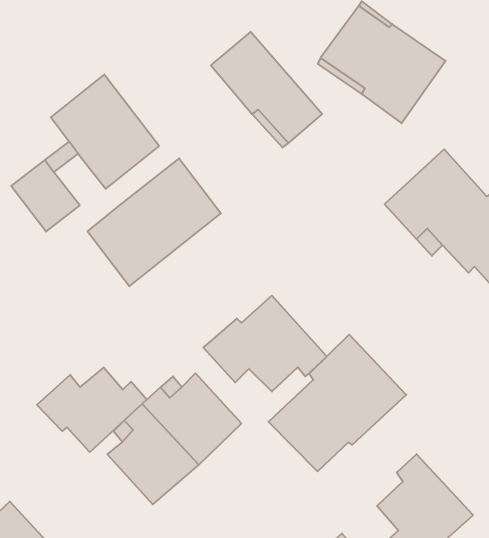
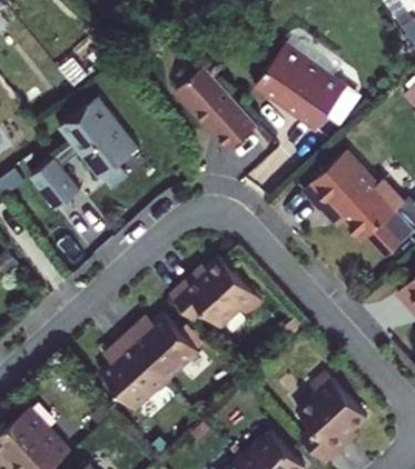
building: [88,158,221,286] -> none
building: [268,335,406,471] -> none
building: [37,367,147,452] -> none

